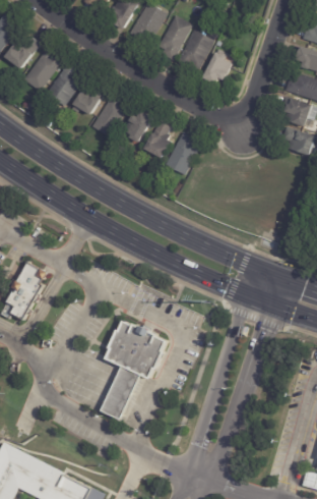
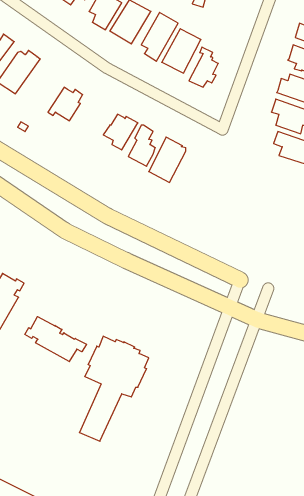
building: [47,63,83,106] -> none
building: [91,95,127,137] -> none
building: none -> [25,317,87,362]

